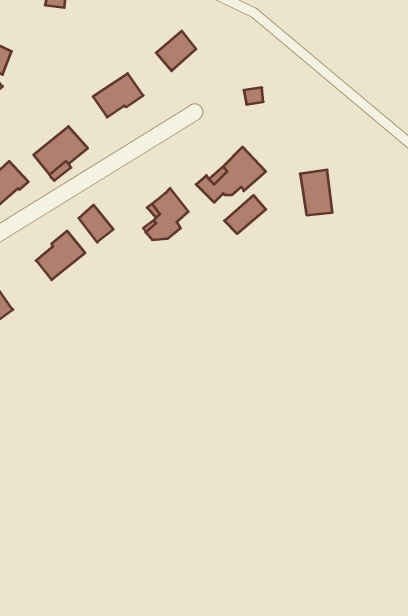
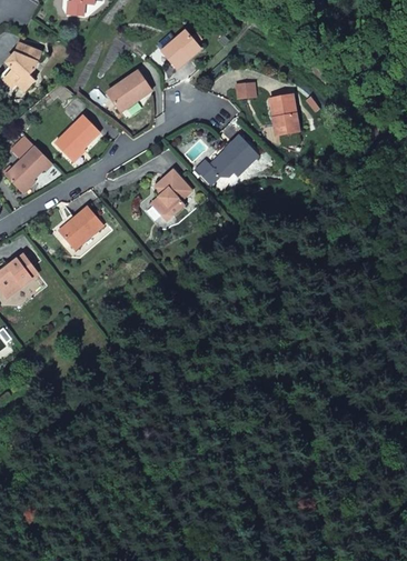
building: [300,170,332,215] -> [270,93,298,132]
building: [224,195,266,234] -> none
building: [79,205,113,242] -> none

